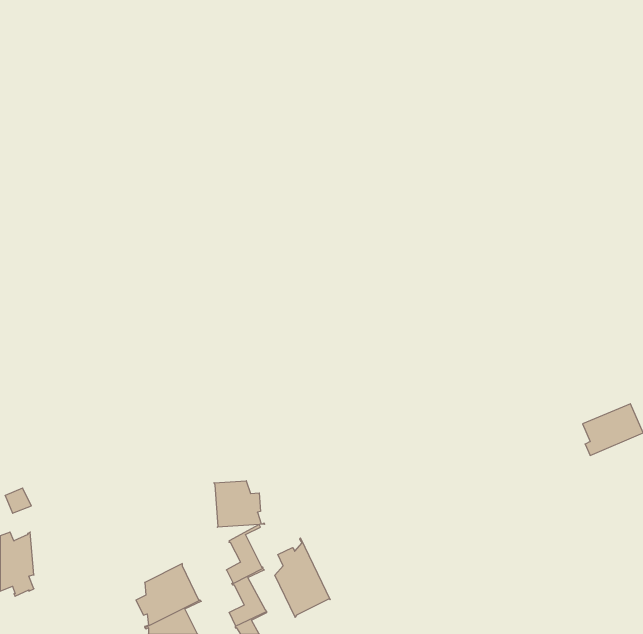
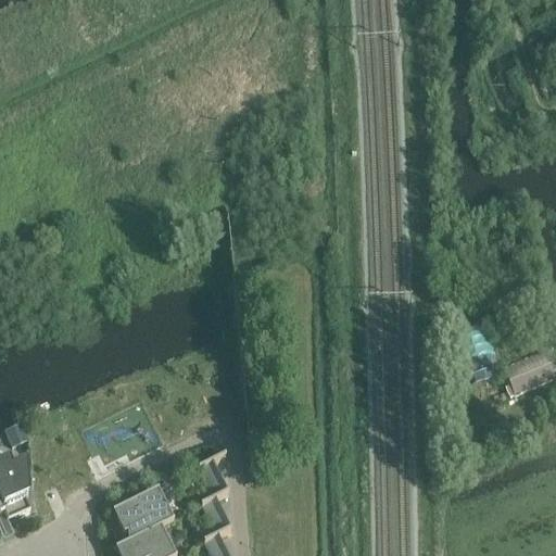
building: [214,481,265,527] -> none
building: [275,538,330,617] -> none

